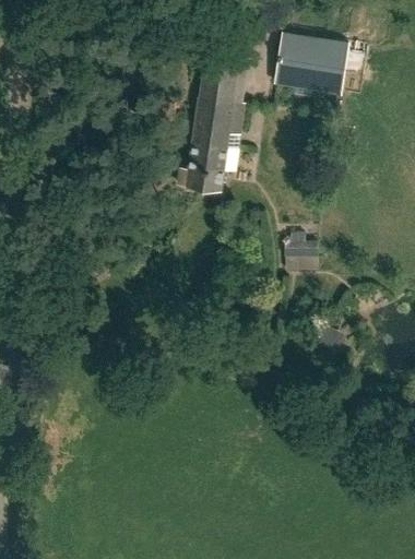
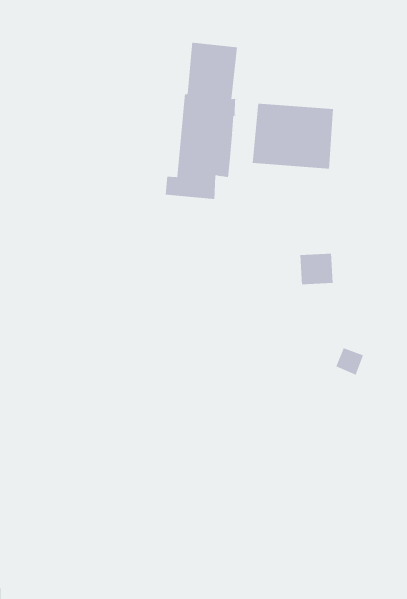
building: [274,33,348,94] -> [252,103,334,169]

